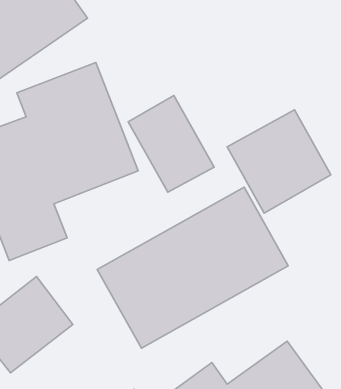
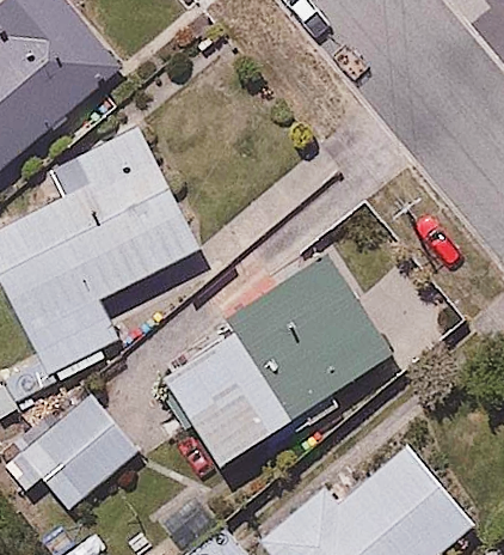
building: [128,95,214,192] -> none
building: [227,110,331,213] -> none

